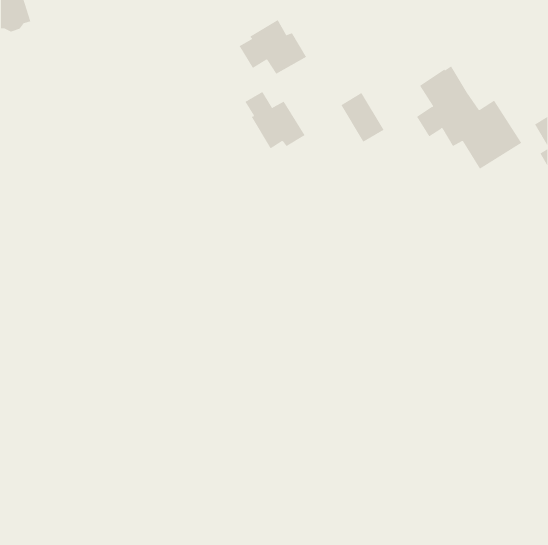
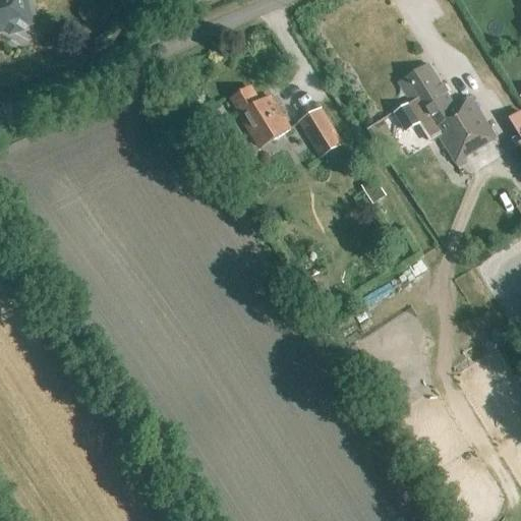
building: [239,19,307,75] -> none
building: [340,92,384,143] -> [299,108,341,156]

